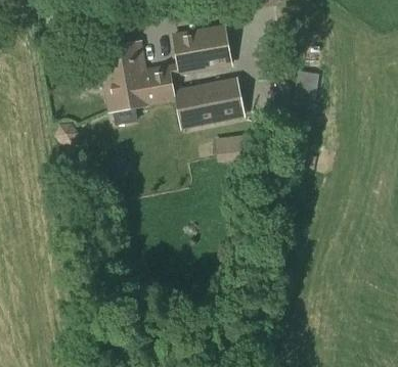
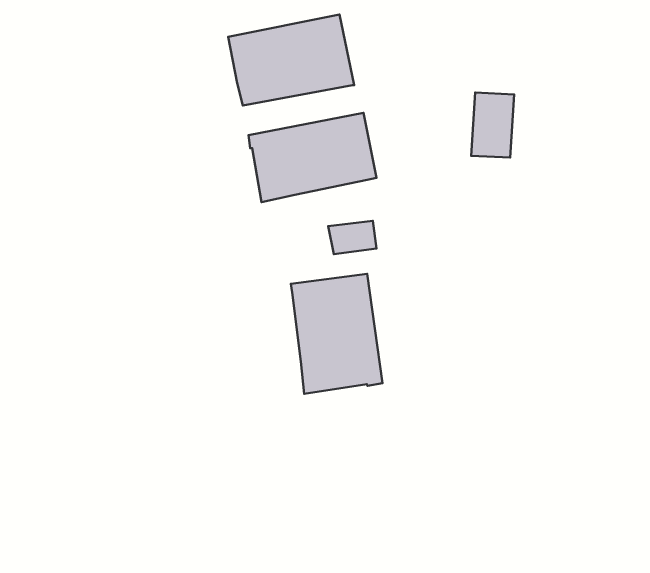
building: [101,41,176,110] -> none
building: none -> [291,274,382,394]

